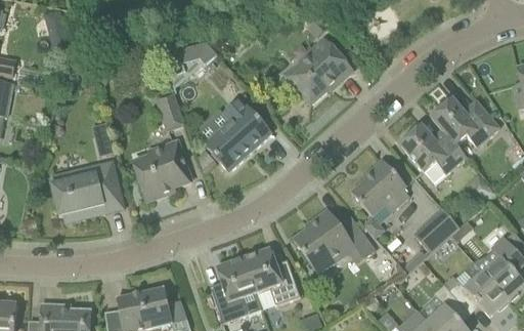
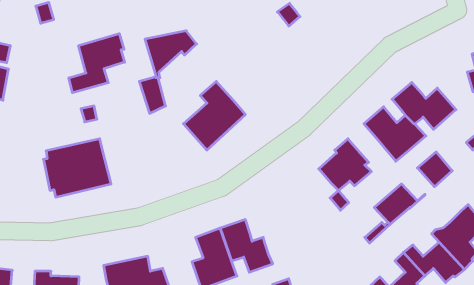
building: [285,38,353,102] -> none
building: none -> [69,34,125,93]
building: [133,140,191,200] -> none
building: [293,208,375,274] -> none

